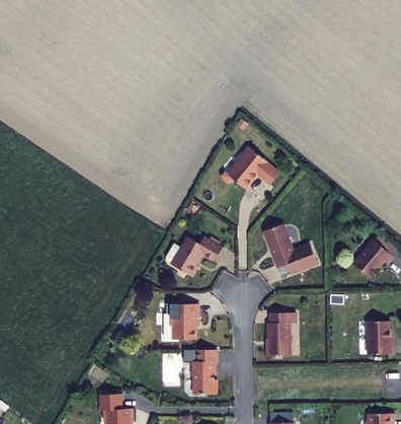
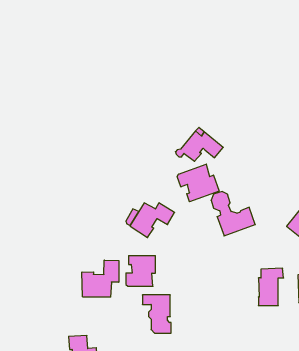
building: none -> [177,164,219,202]
building: none -> [82,260,119,297]
building: [267,307,297,351] -> [258,268,284,306]

